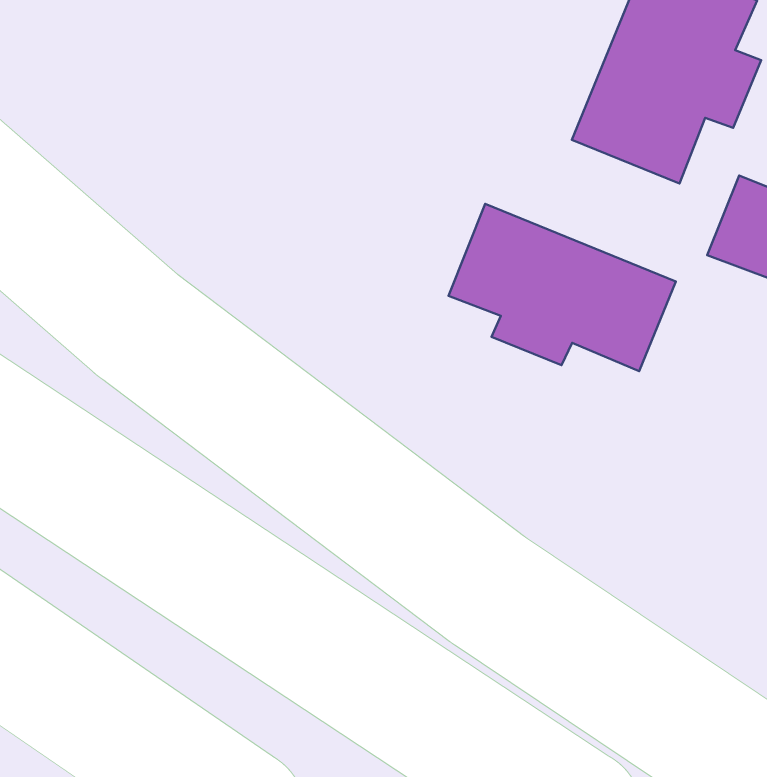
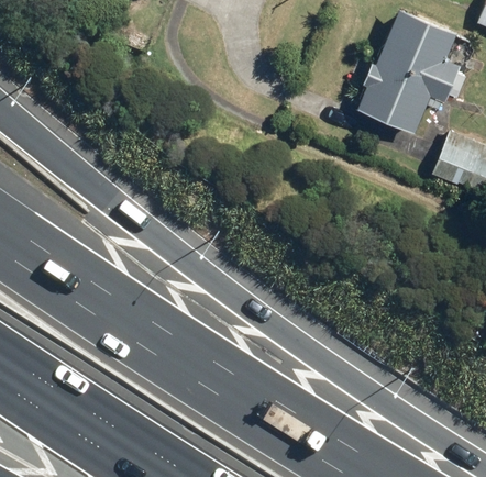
building: [449,204,676,371] -> none

